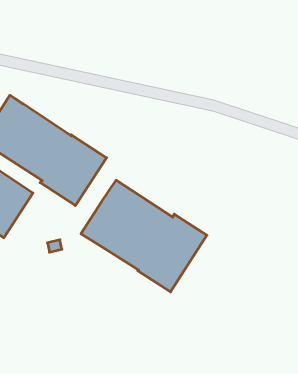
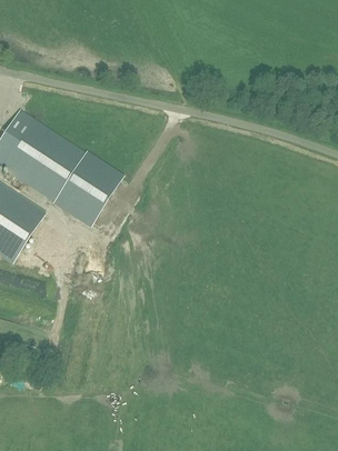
building: [81,180,207,292] -> none

